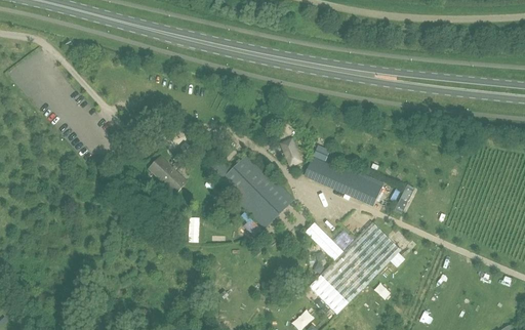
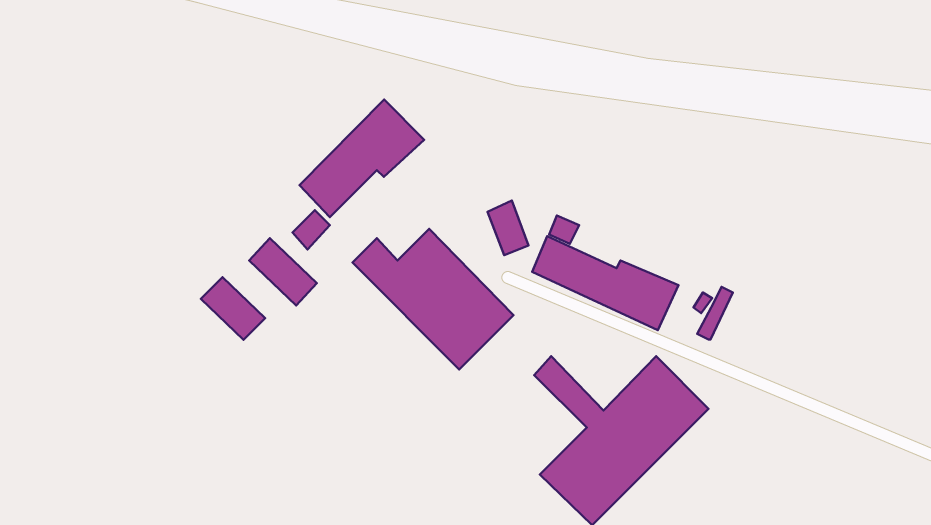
building: none -> [299,100,424,217]
building: none -> [201,277,265,340]

